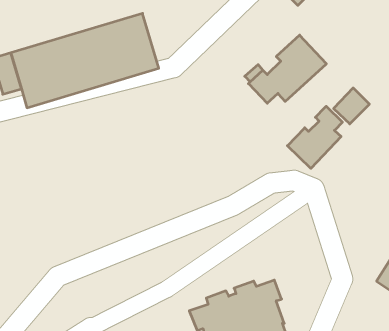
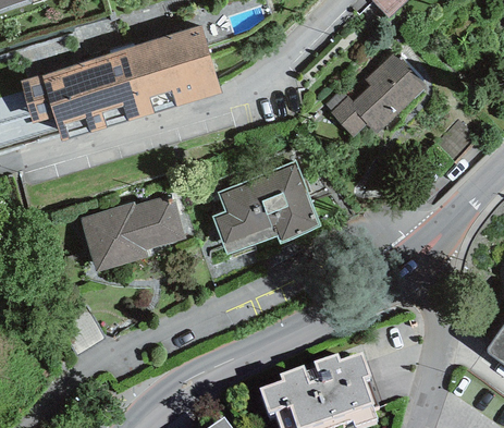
building: [287,106,342,168] -> none
building: none -> [211,162,320,255]
building: none -> [79,194,184,271]

